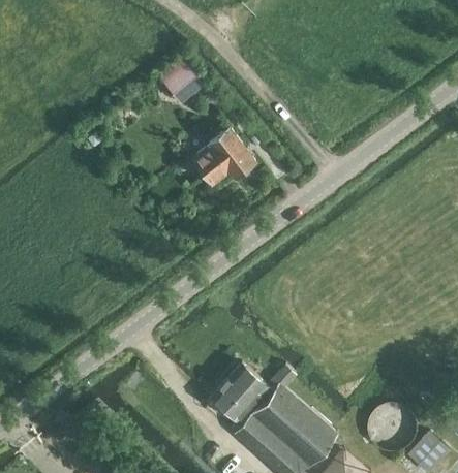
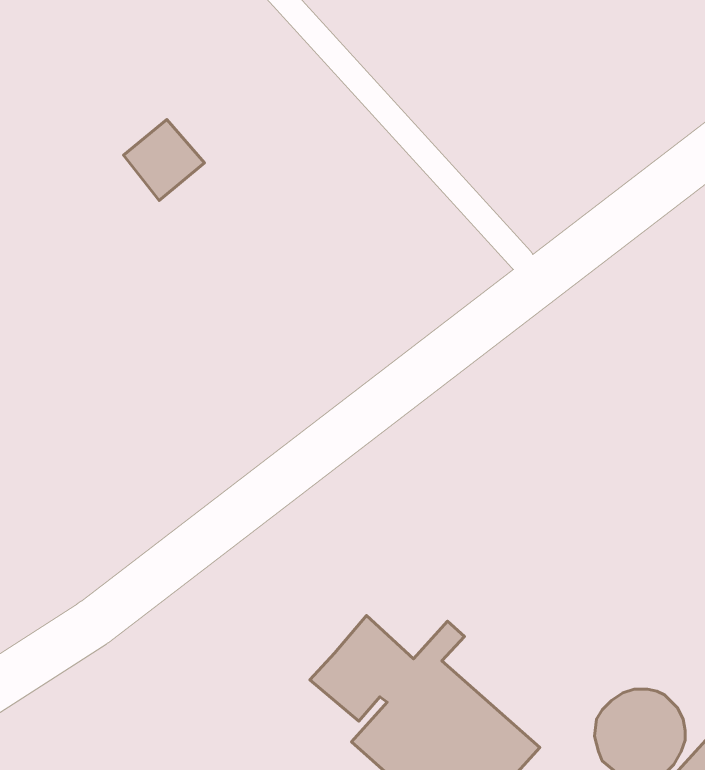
building: [160,60,205,104] -> [123,119,204,200]
building: [191,128,254,185] -> none

